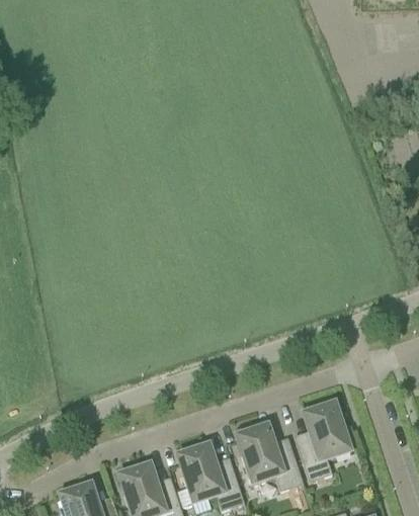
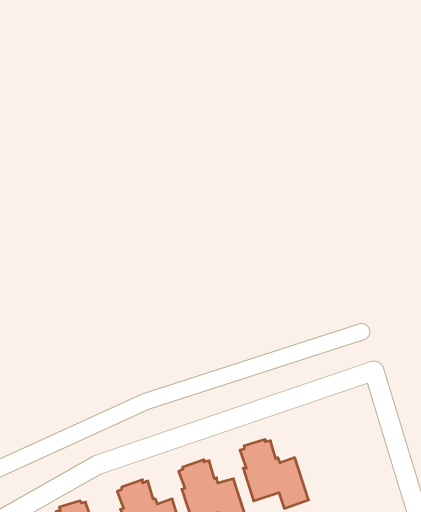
building: [296,402,351,480] -> none

